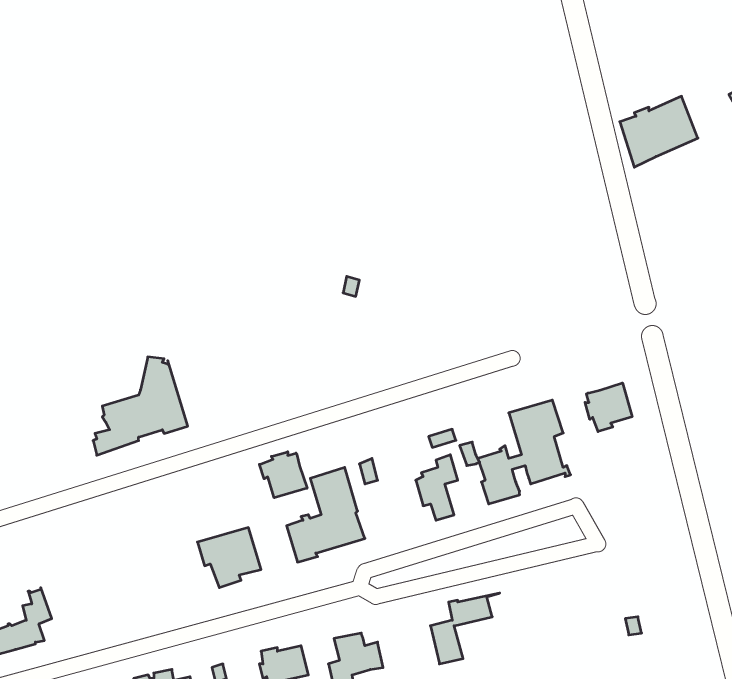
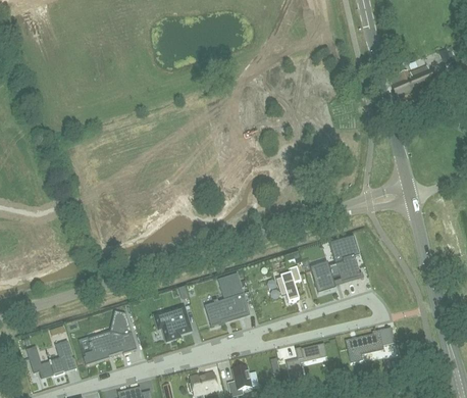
building: [93,357,188,455] -> [84,309,137,364]
building: [585,383,632,432] -> none
building: [259,452,307,498] -> none
building: none -> [346,329,383,361]

